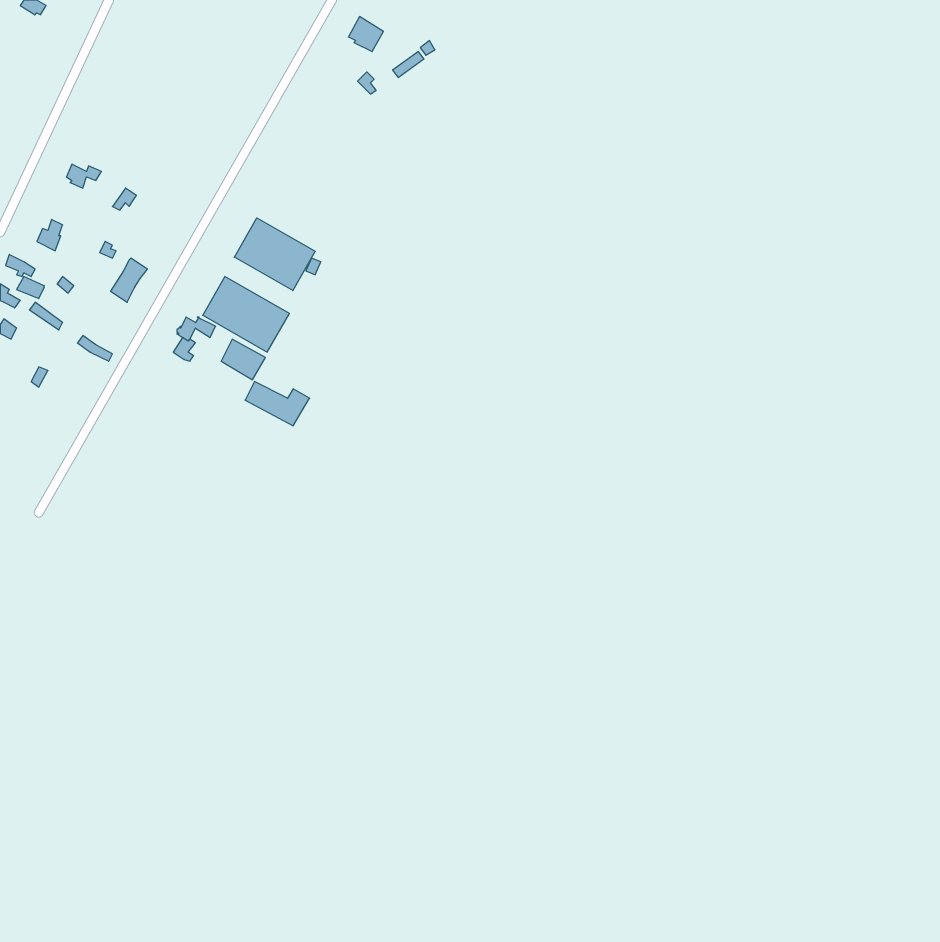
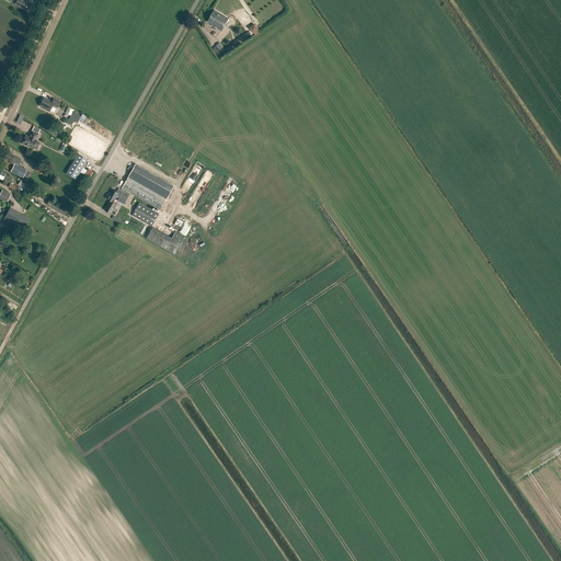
building: [234,218,315,291] -> none

